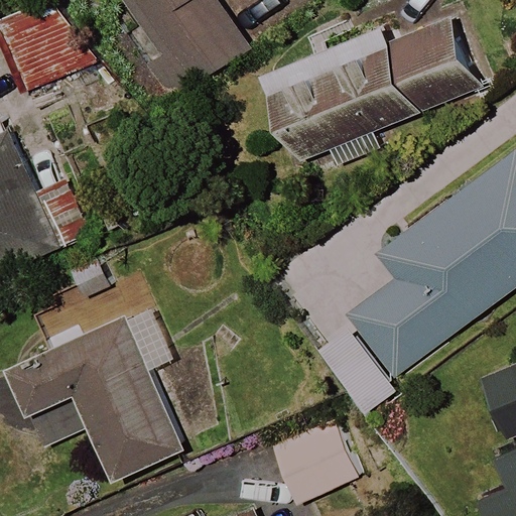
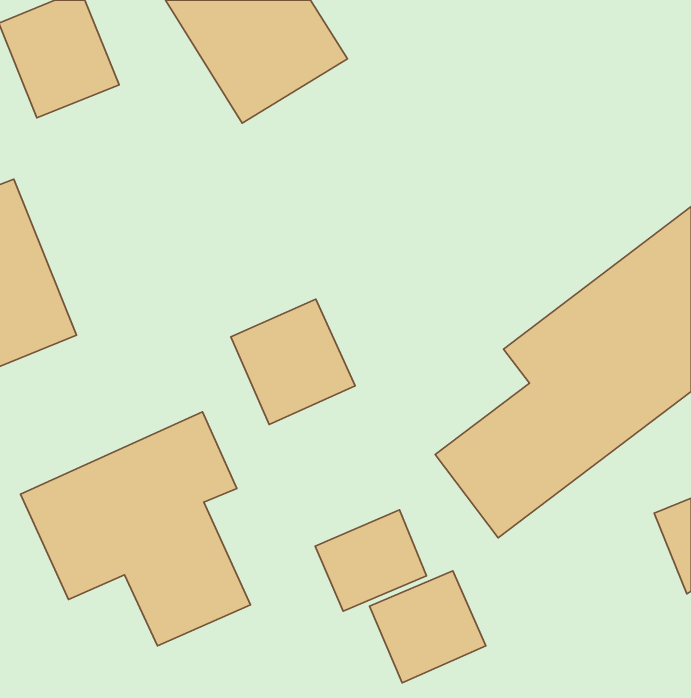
building: [264,19,477,166] -> none
building: none -> [231,299,355,425]
building: none -> [315,510,427,611]

